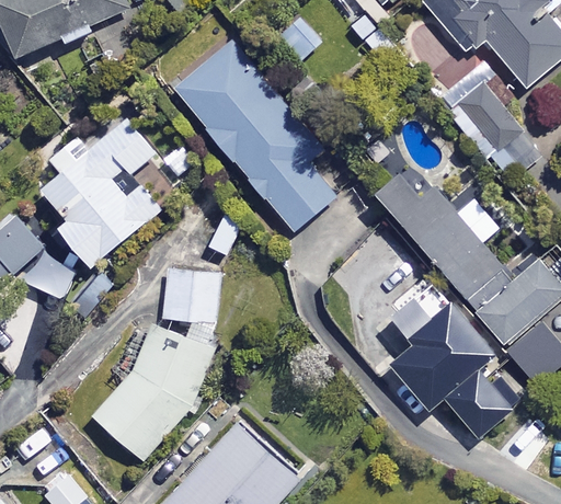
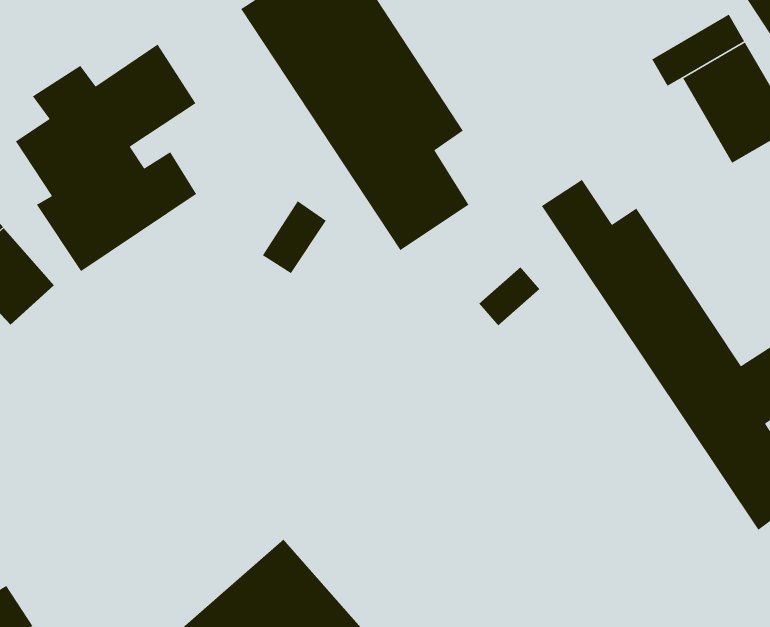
building: [160,268,215,323] -> none
building: [390,296,526,438] -> none
building: [95,324,209,459] -> none

